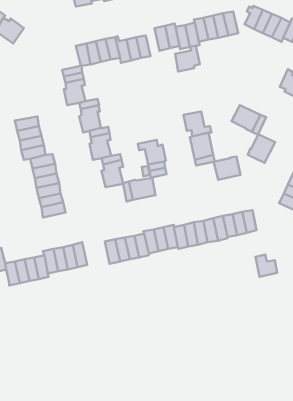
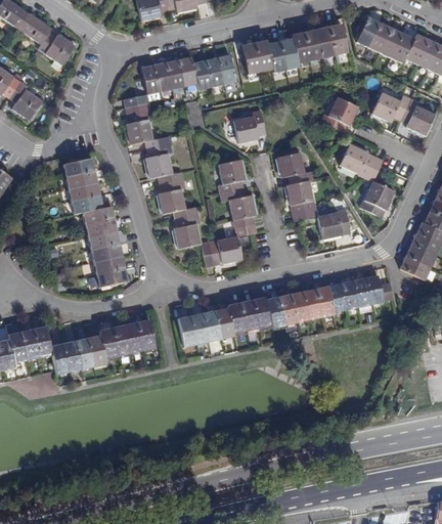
building: [175,46,200,72] -> [234,110,266,142]
building: none -> [372,91,411,122]
building: none -> [321,96,358,132]
building: none -> [219,159,246,192]
building: [256,254,277,277] -> [366,274,394,303]

